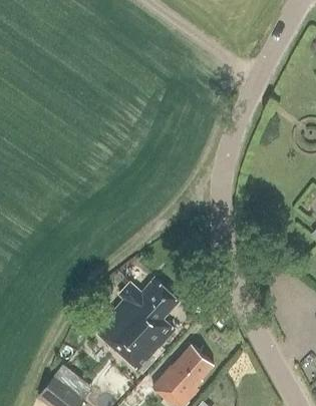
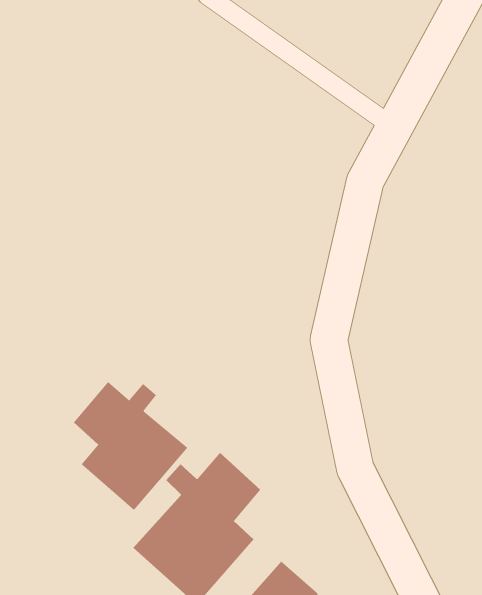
building: none -> [73,381,188,511]

